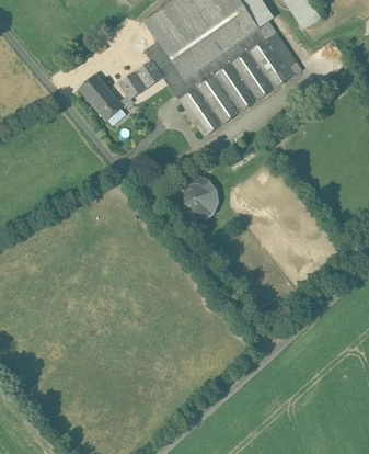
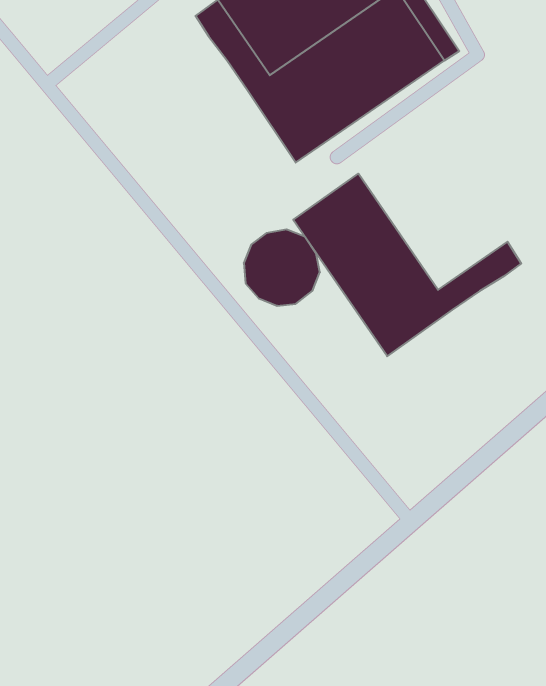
building: [79,59,163,117] -> none
building: none -> [293,174,521,356]

